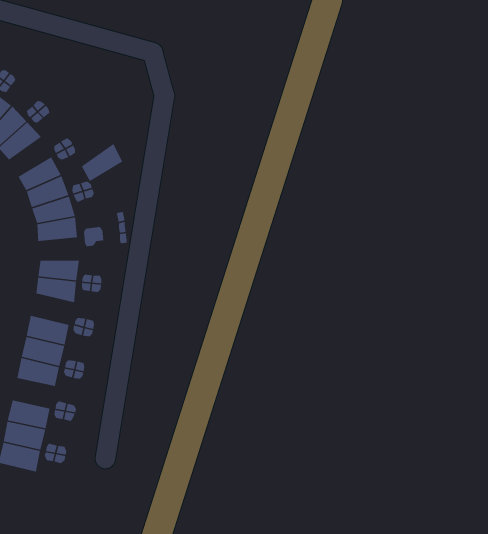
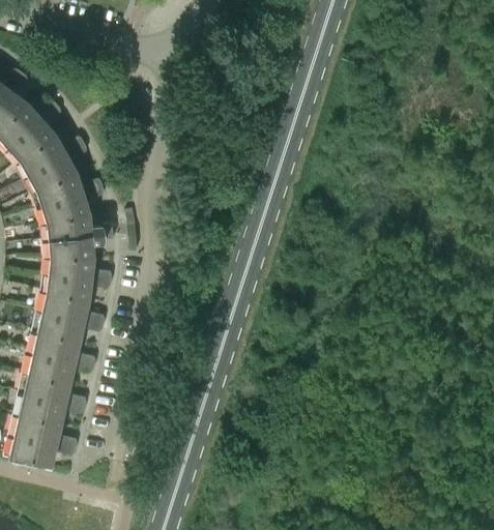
building: [81,143,123,182] -> [22,138,63,176]
building: none -> [50,236,91,258]
building: none -> [42,291,86,321]
building: none -> [25,374,67,403]

